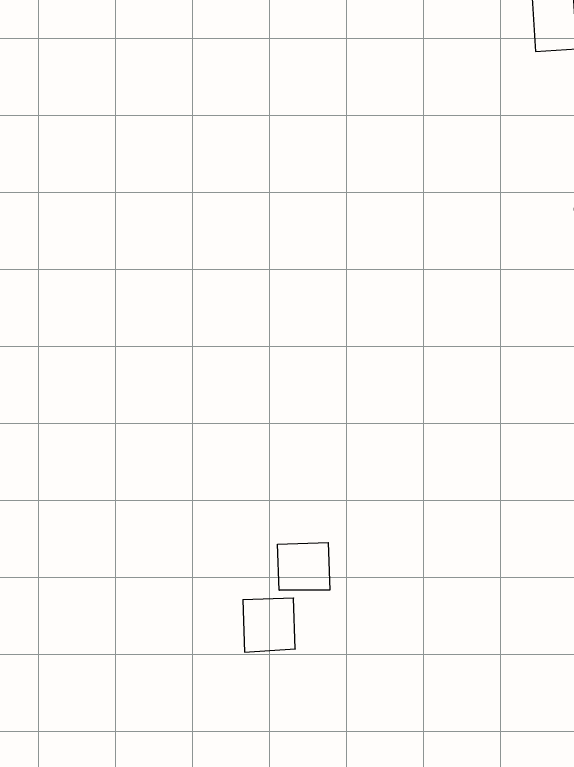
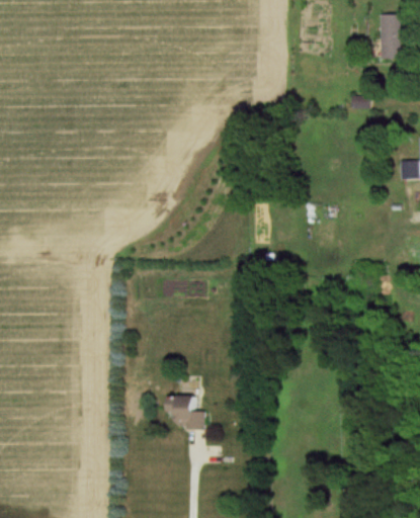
building: [278,543,330,590] -> none

